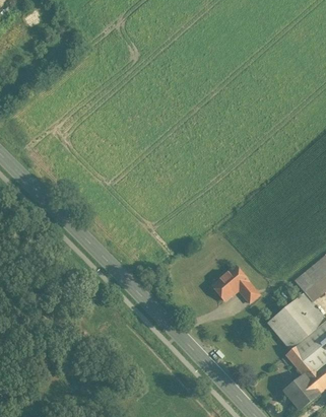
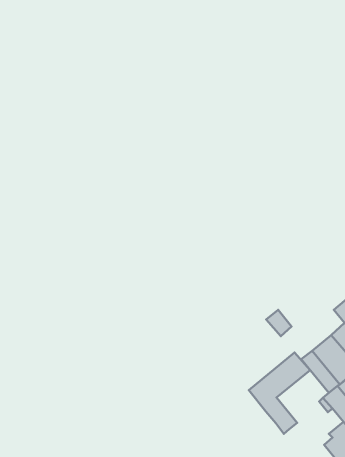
building: [212,266,248,299] -> none
building: none -> [249,353,310,434]

